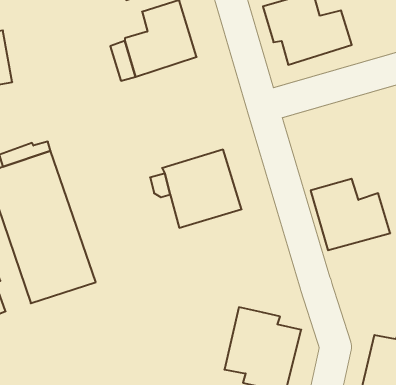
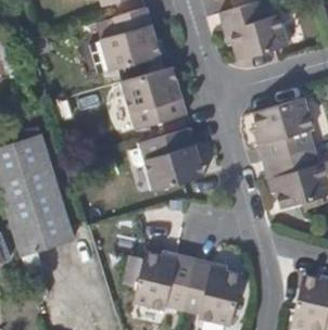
building: none -> [116,68,181,130]
building: none -> [243,101,302,162]
building: none -> [135,251,198,310]

